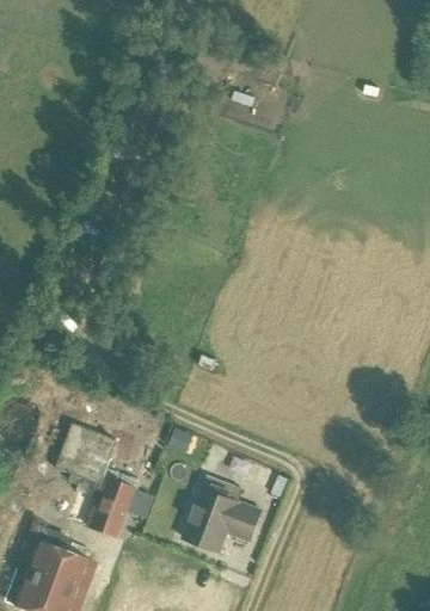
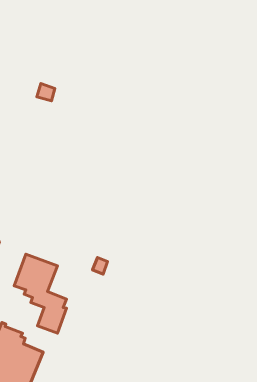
building: [186,477,264,554] -> none

